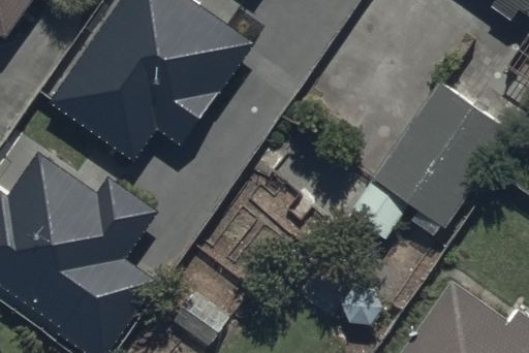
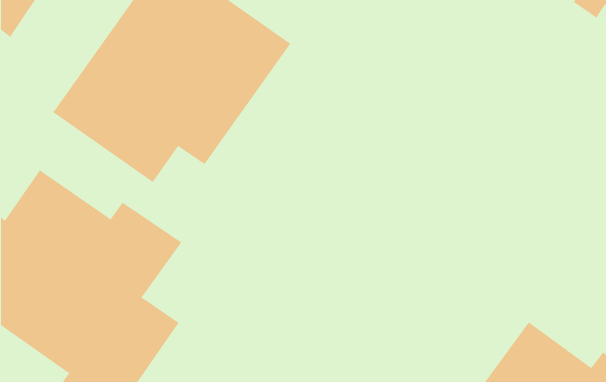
building: [348,82,511,239] -> none

